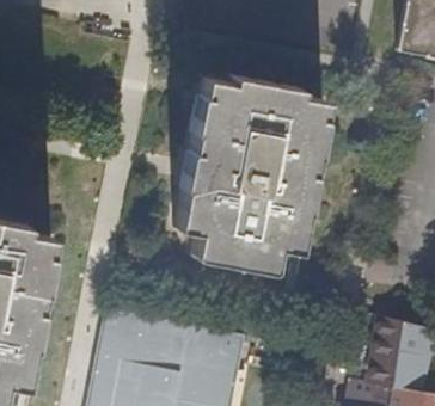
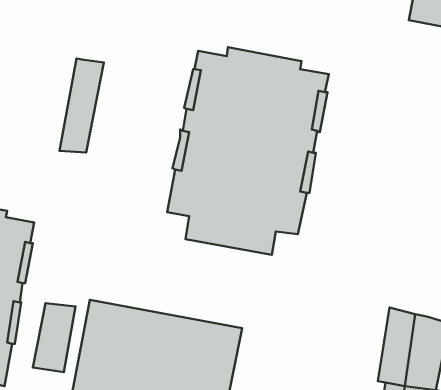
building: none -> [59,58,104,153]
building: none -> [33,303,76,372]

